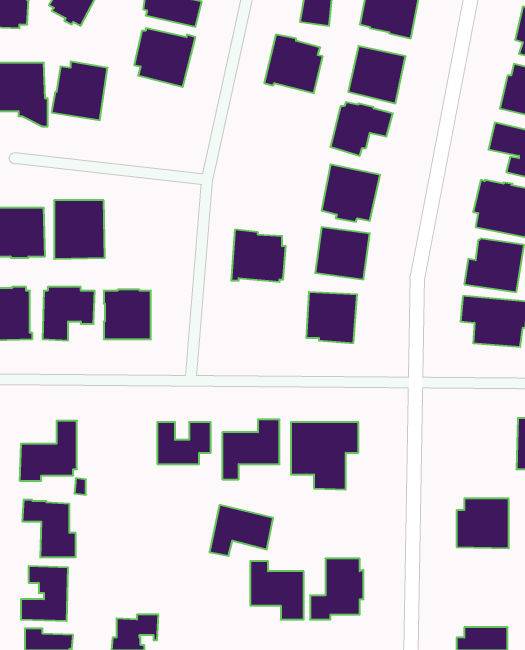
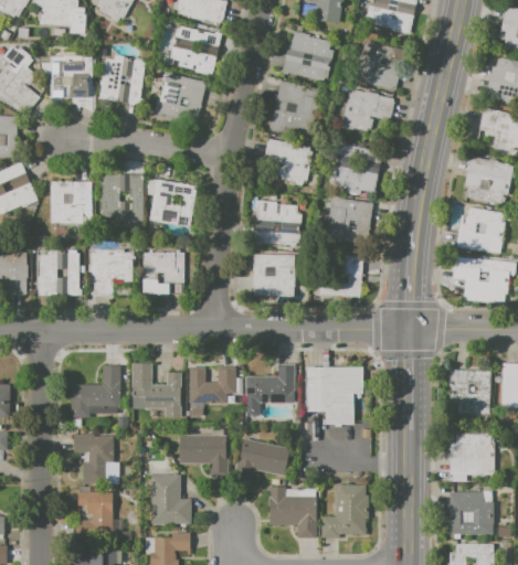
building: none -> [157,73,205,120]
building: none -> [267,81,326,140]
building: none -> [263,138,313,186]
building: none -> [146,179,195,227]
building: none -> [253,254,295,296]
building: none -> [130,363,180,417]
building: none -> [448,370,489,416]
building: none -> [178,435,228,477]
building: none -> [150,475,190,524]
building: none -> [450,492,493,534]

